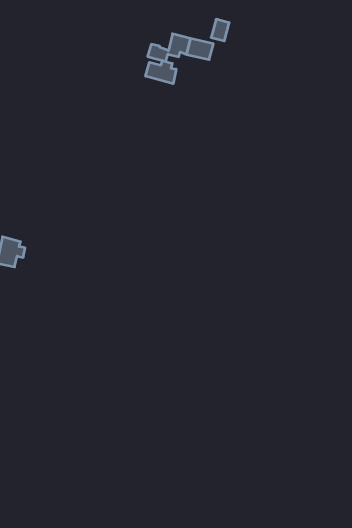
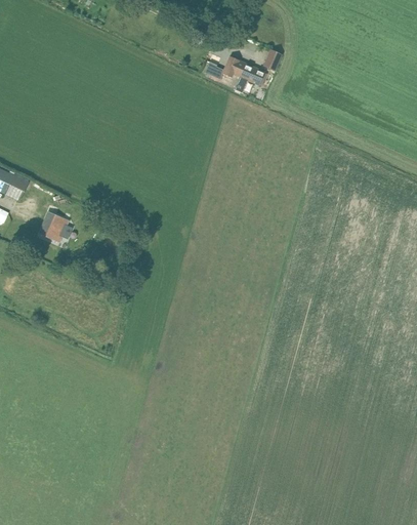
building: [146,60,176,84] -> none

